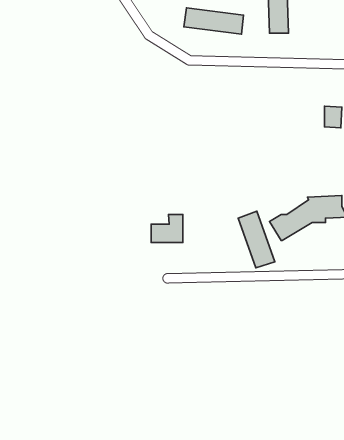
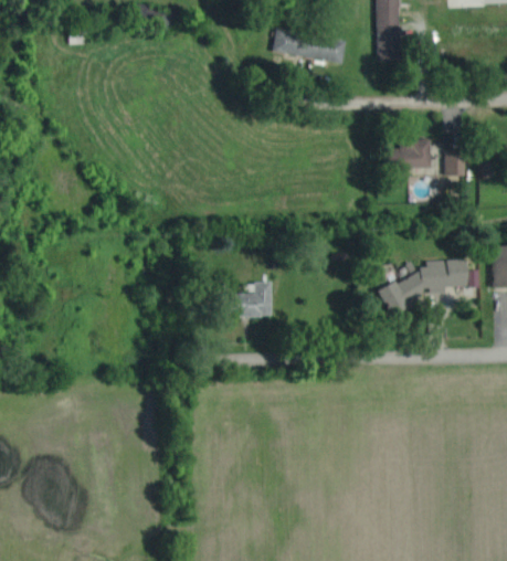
building: none -> [388,141,431,168]
building: [238,211,275,268] -> none

